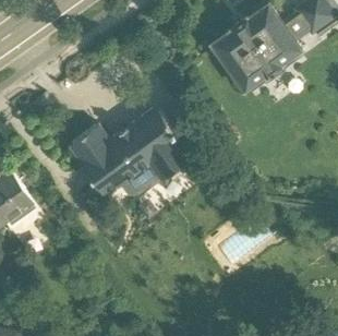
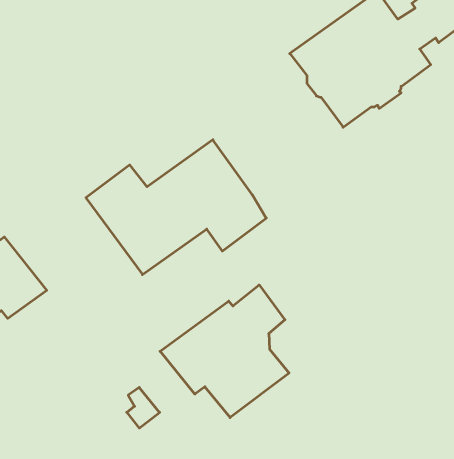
building: none -> [160,285,289,418]

